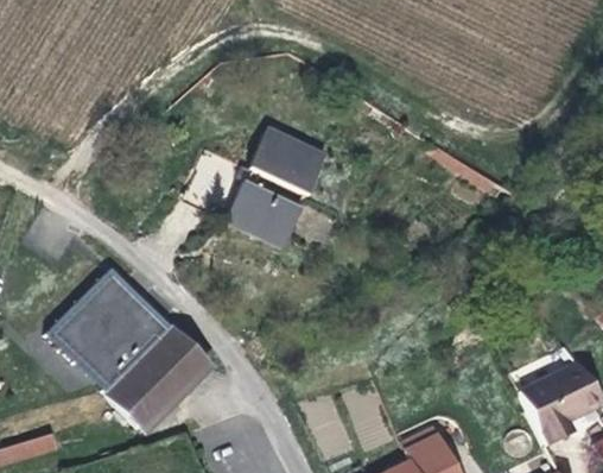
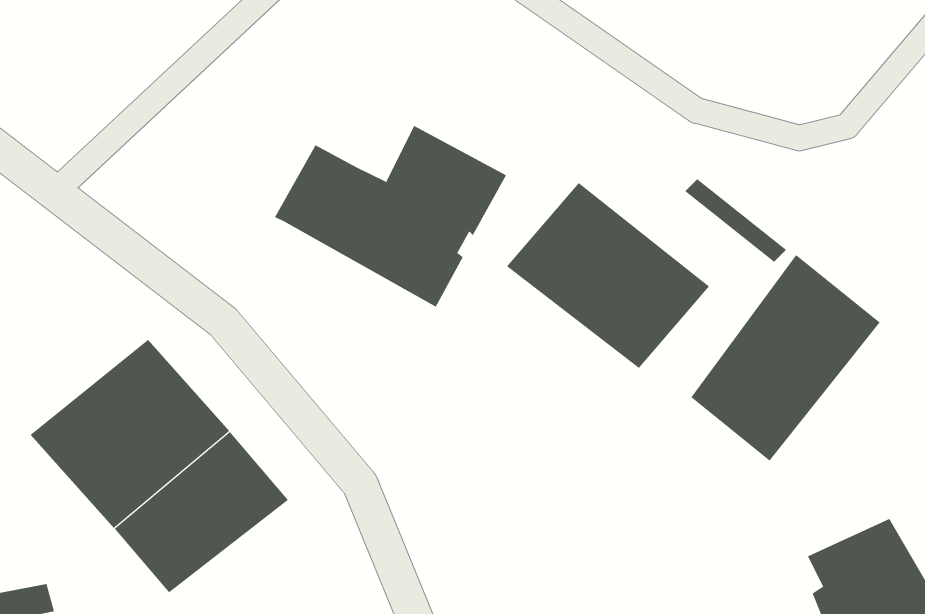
building: none -> [506,182,710,369]
building: none -> [690,254,880,462]

